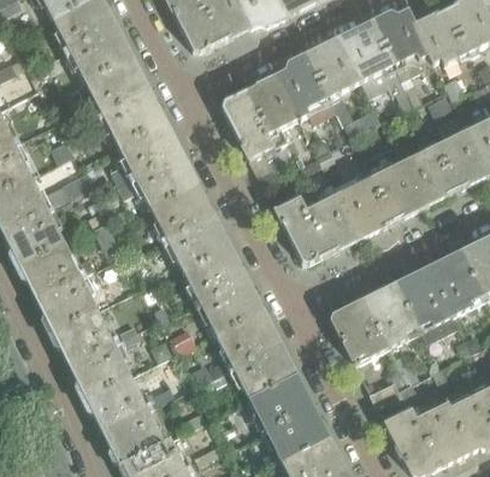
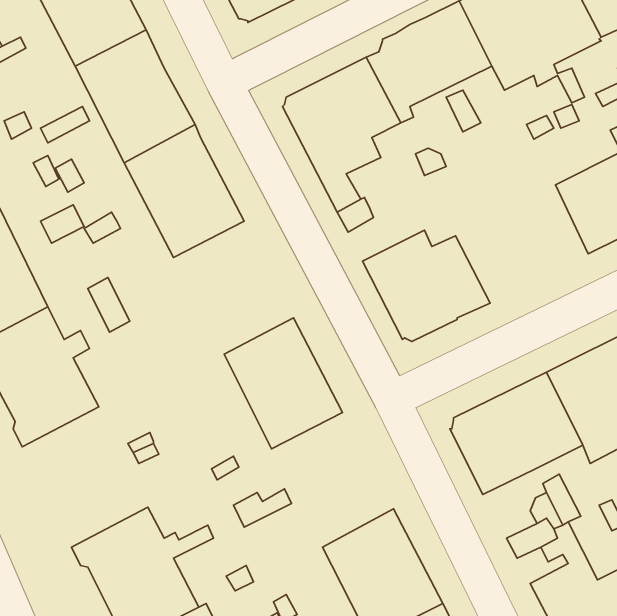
building: [336,158,424,236] -> none
building: [149,182,229,270] -> none
building: [49,305,132,398] -> none
building: [214,308,295,398] -> none

